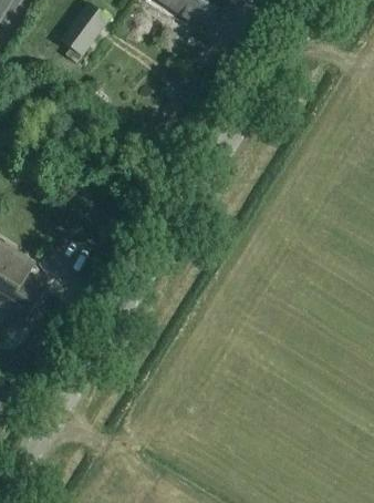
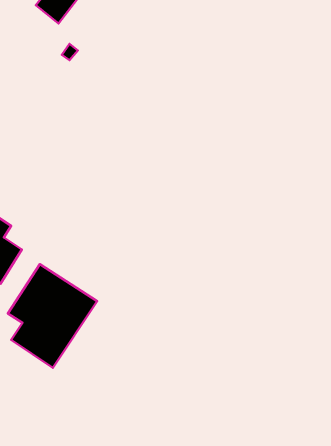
building: none -> [8,264,97,368]

